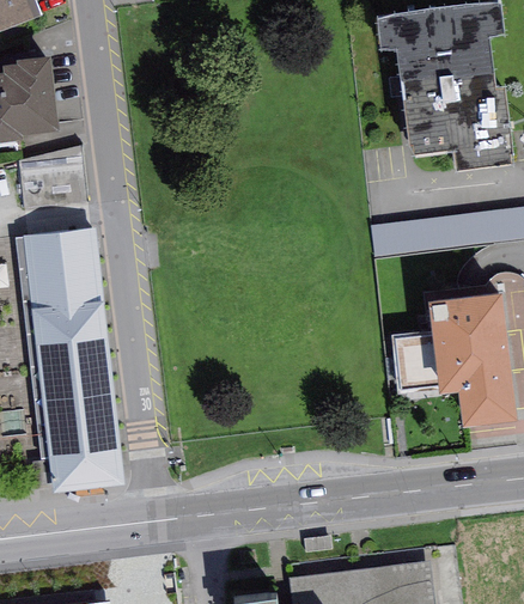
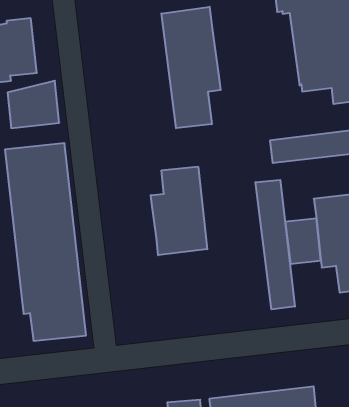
building: none -> [161,7,221,128]
building: none -> [151,167,207,255]
building: none -> [256,180,295,309]

